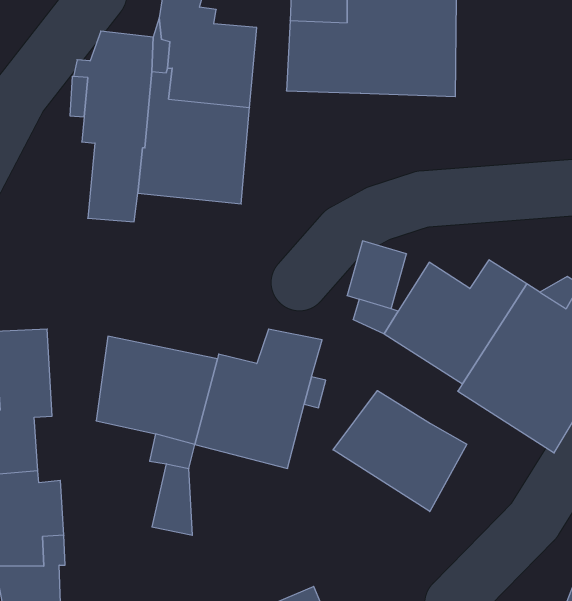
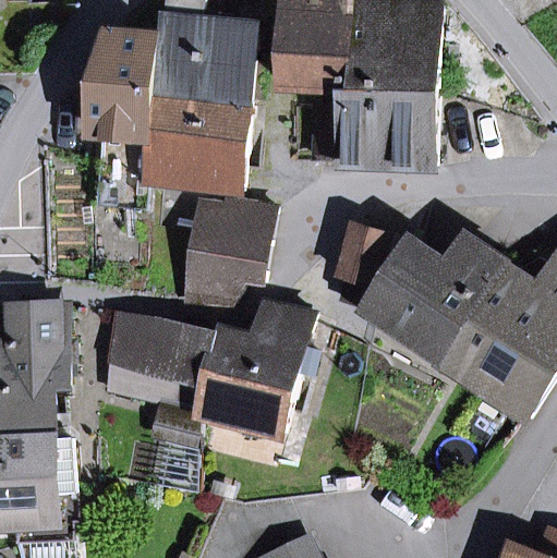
building: none -> [316,87,437,163]
building: none -> [186,199,276,302]
building: [333,391,467,512] -> none

